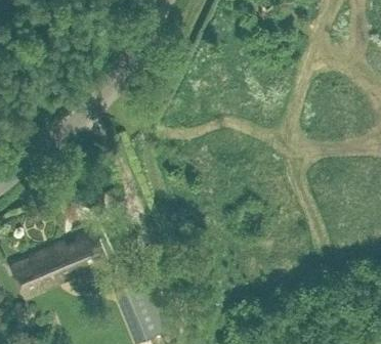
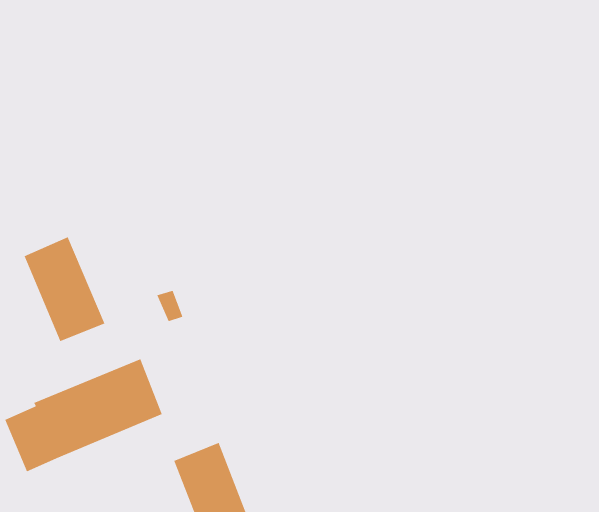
building: none -> [24,236,106,342]

